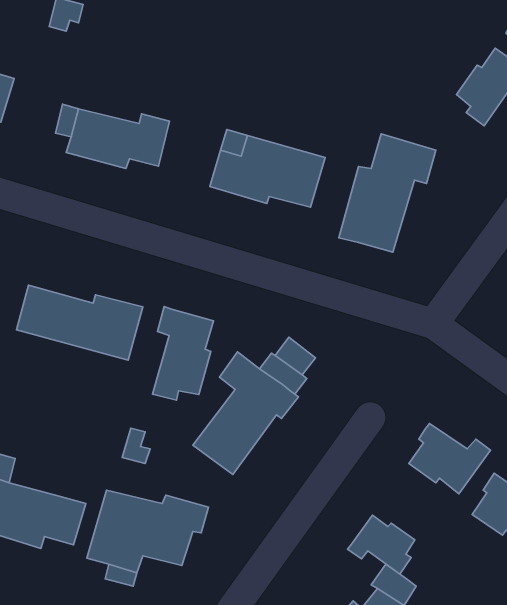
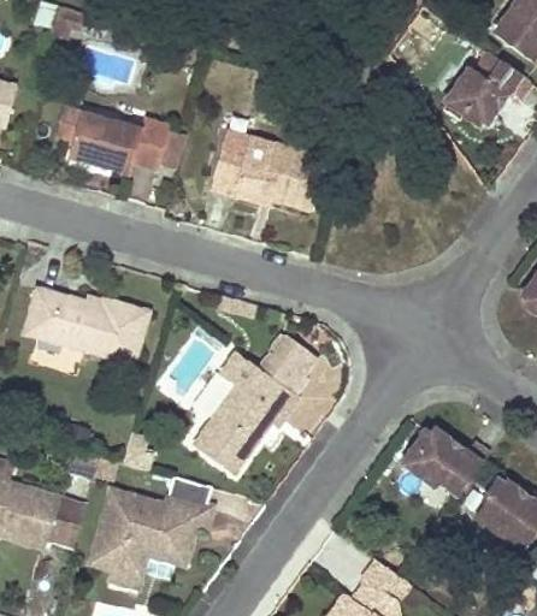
building: [339,134,436,252] -> none
building: [153,306,213,400] -> none
building: [348,515,415,574] -> none

